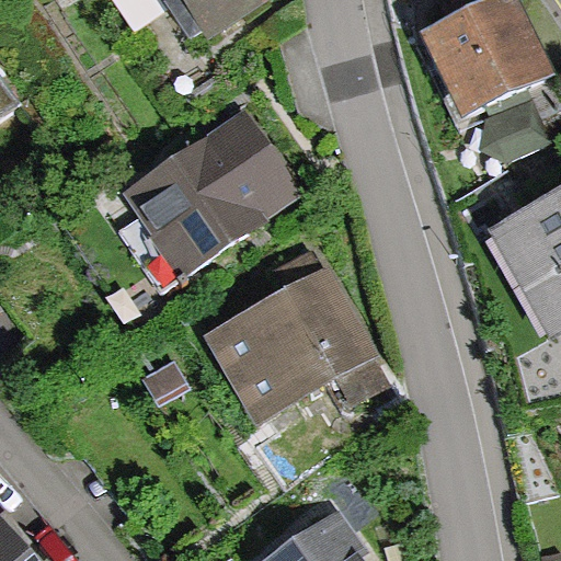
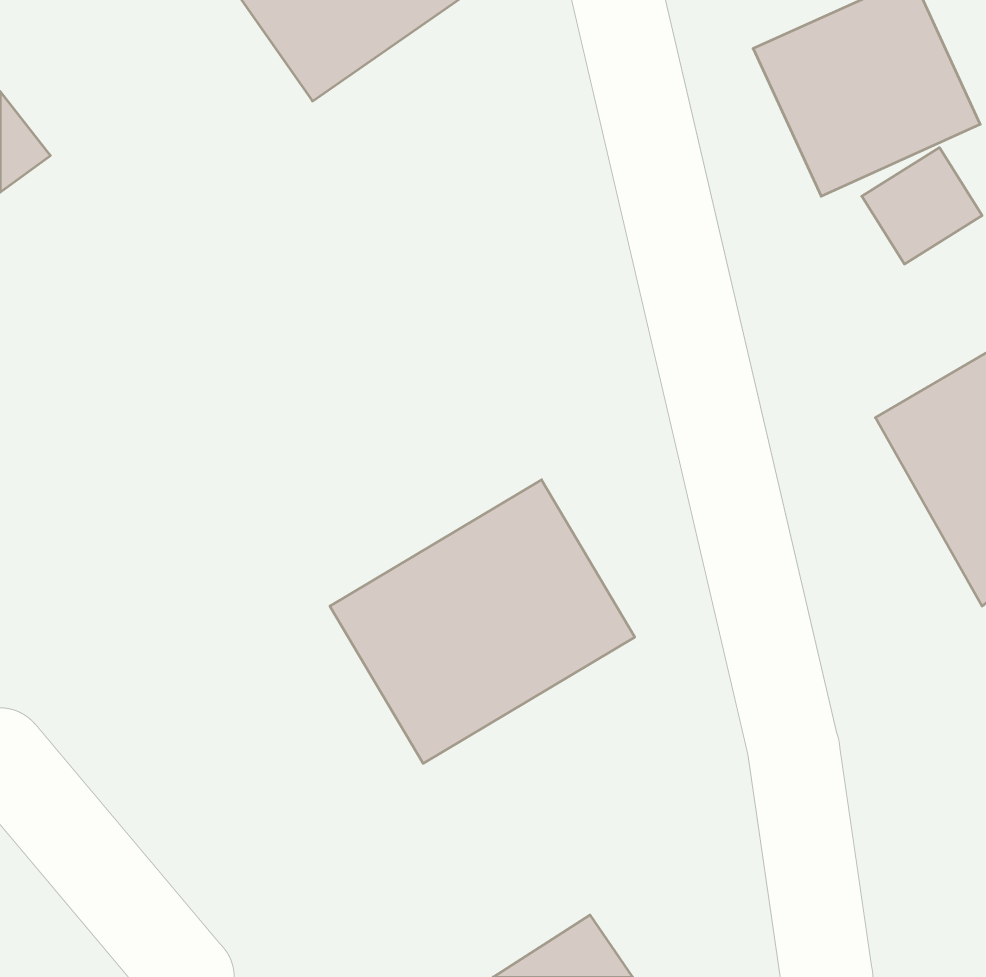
building: [121,114,294,274] -> none

